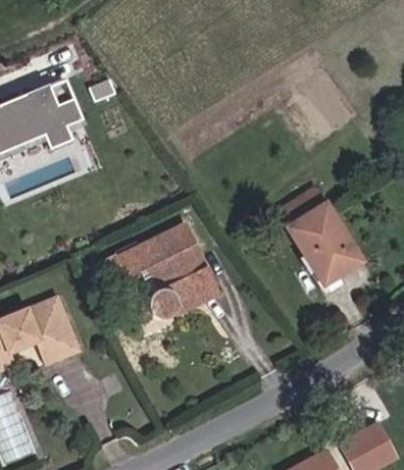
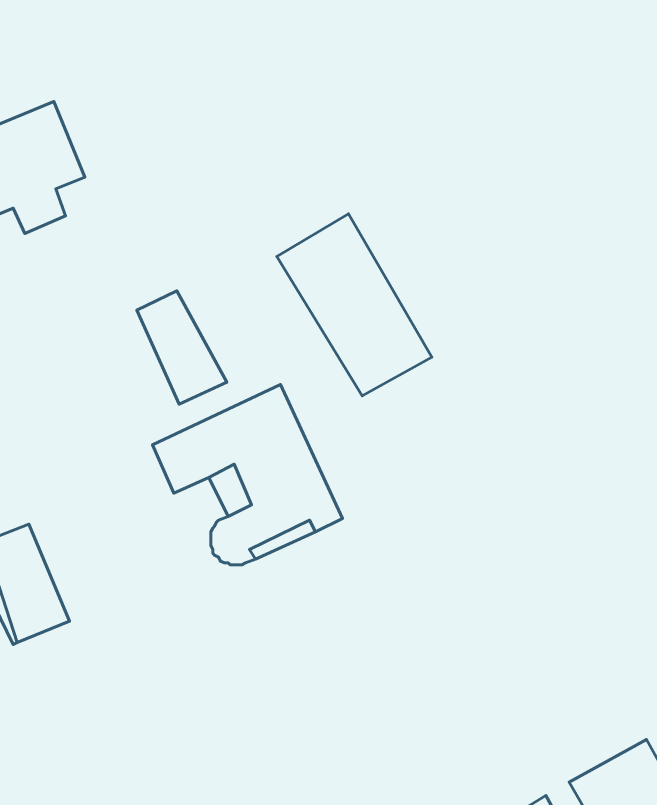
building: none -> [137,291,227,404]
building: [281,182,362,278] -> [277,214,432,396]

